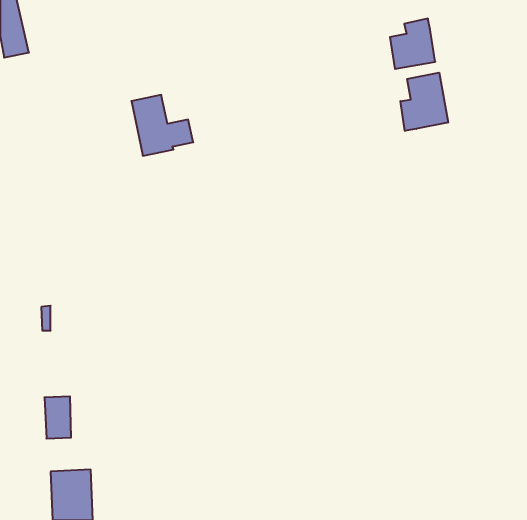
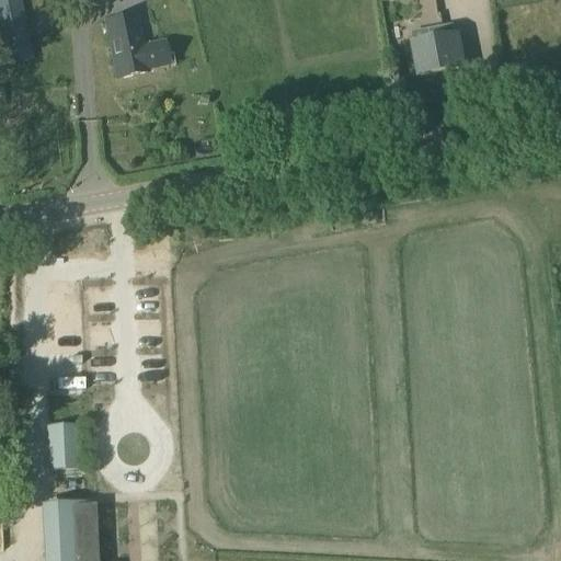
building: [400,73,448,131] -> none
building: [131,95,193,156] -> [103,11,169,76]

